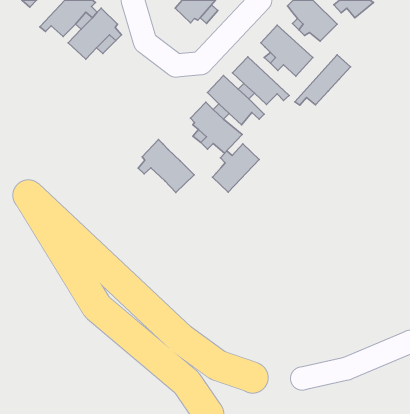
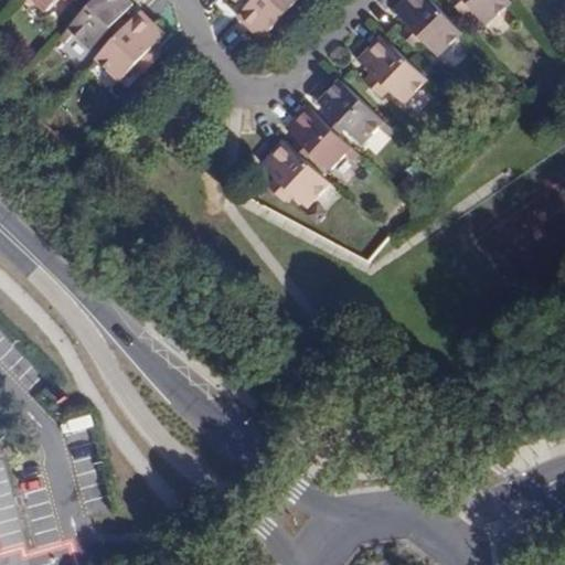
building: [295,55,351,105] -> none
building: [138,140,194,192] -> none
building: [213,144,259,192] -> none

